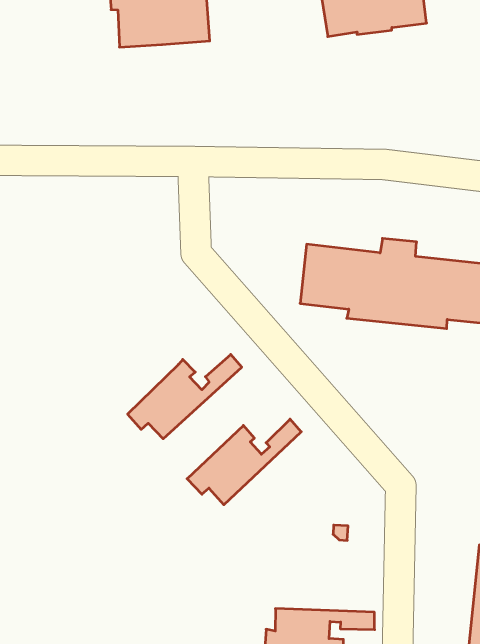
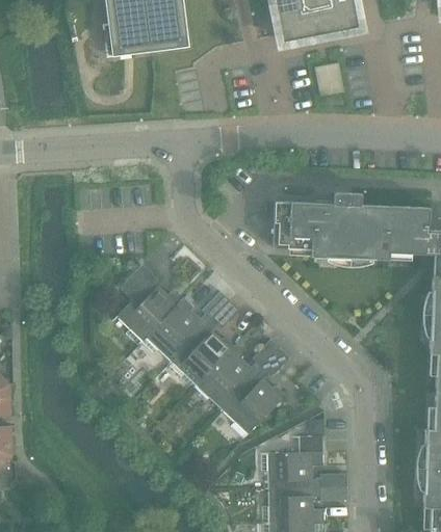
building: none -> [118,265,181,346]
building: none -> [173,300,240,391]
building: none -> [224,348,291,440]
building: none -> [262,435,347,488]

